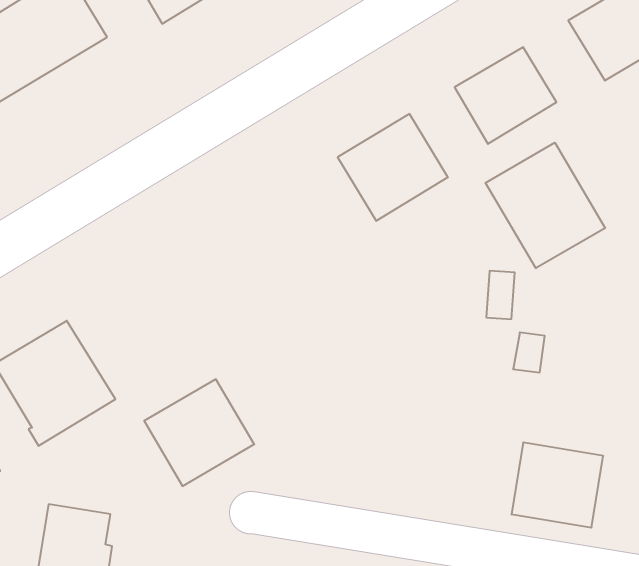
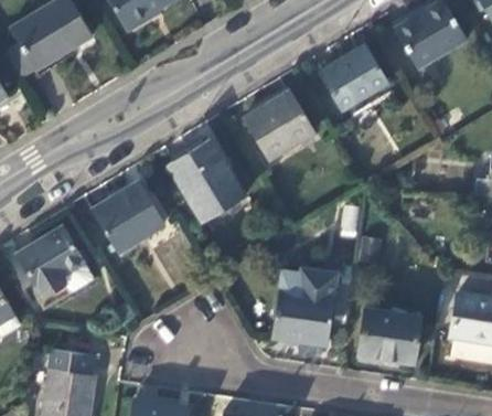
building: [486,143,605,268] -> none
building: none -> [168,139,245,222]
building: none -> [272,255,341,339]
building: [144,379,254,486] -> [92,182,164,253]

